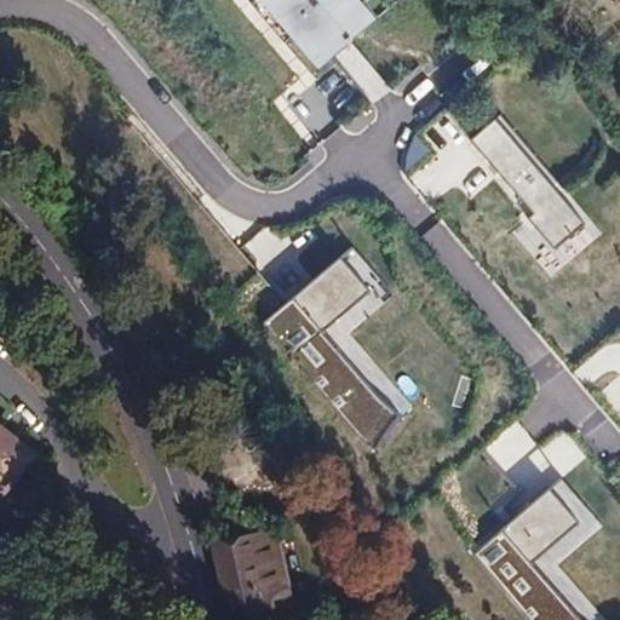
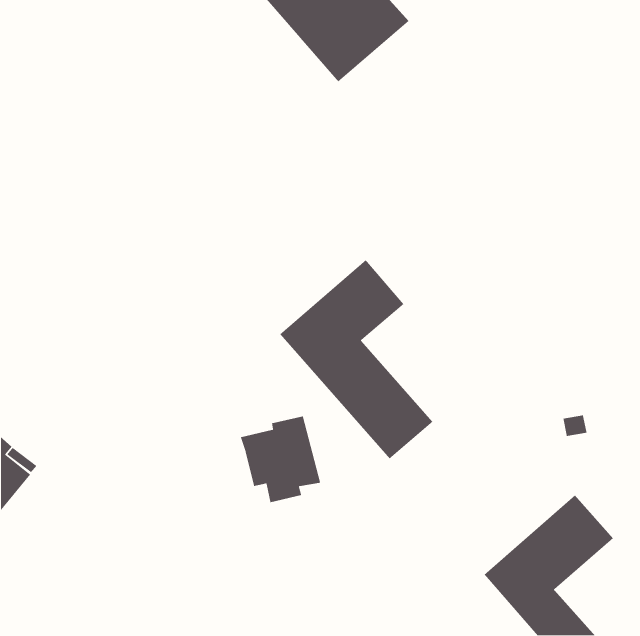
building: [464,115,582,251] -> none
building: [212,522,291,607] -> [240,415,321,503]

